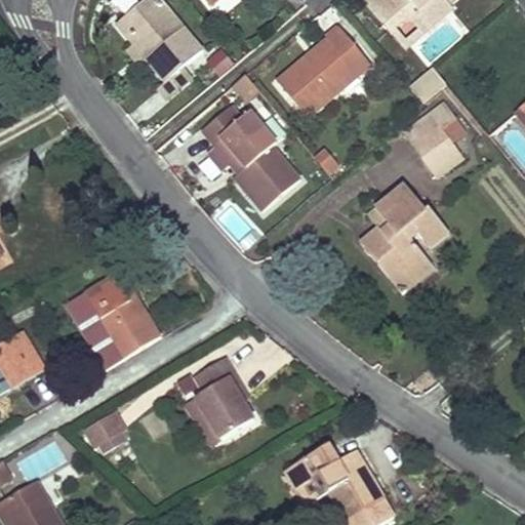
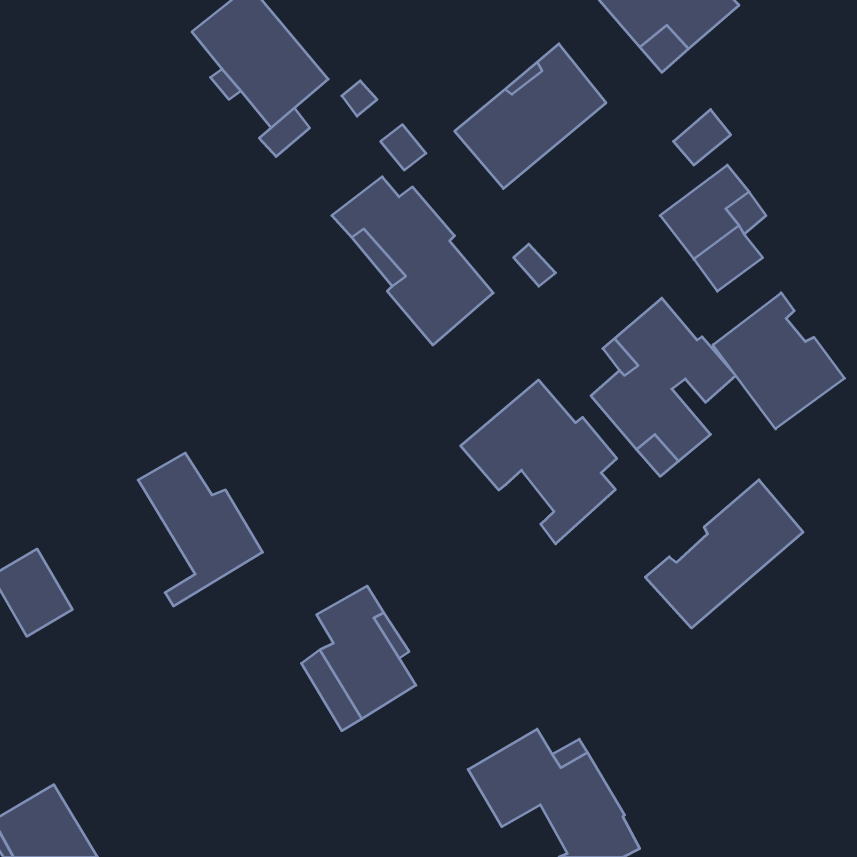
building: none -> [713,293,845,429]
building: none -> [461,380,617,544]
building: none -> [645,480,803,628]
building: [66,292,119,361] -> none
building: [84,412,124,450] -> none

